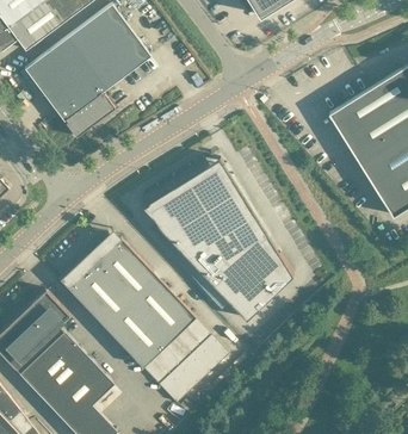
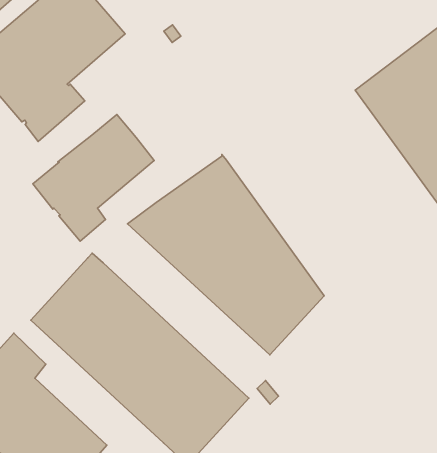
building: none -> [33,115,154,241]

